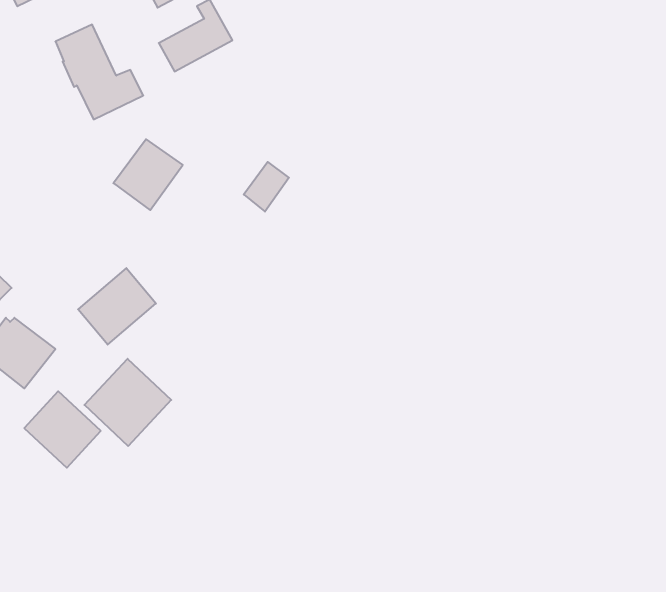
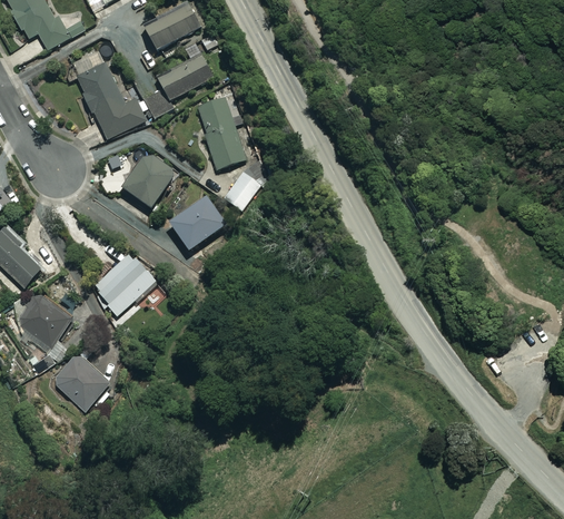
building: none -> [197,97,245,168]
building: none -> [169,197,225,251]
building: [84,359,171,446] -> none

